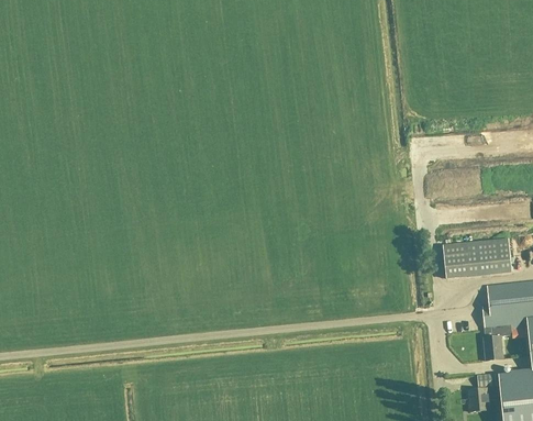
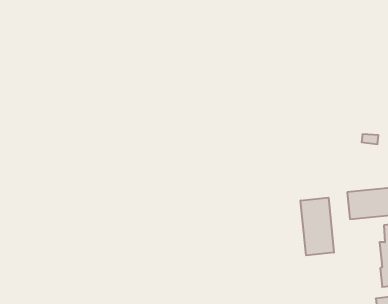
building: none -> [301,198,334,255]

